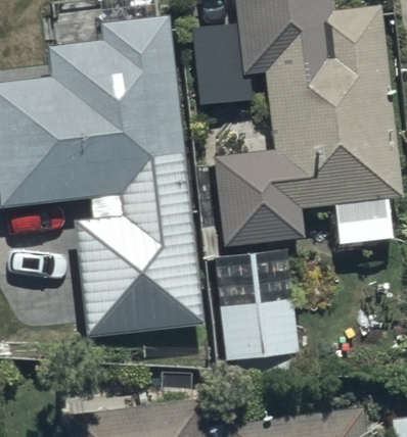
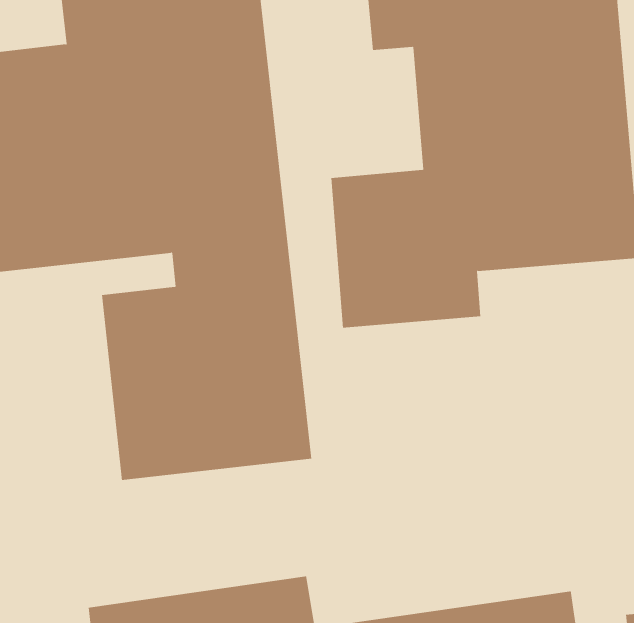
building: [222,249,301,362] -> none

